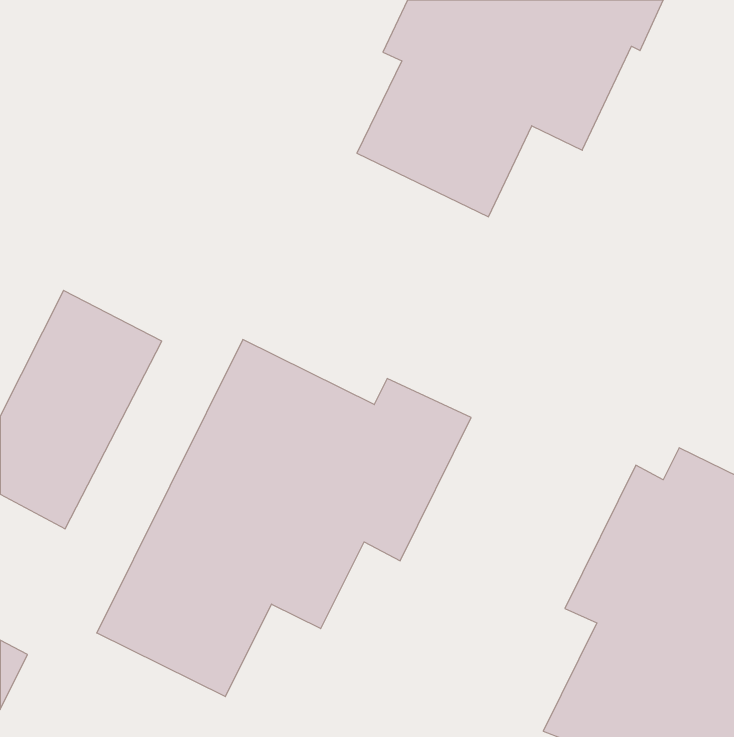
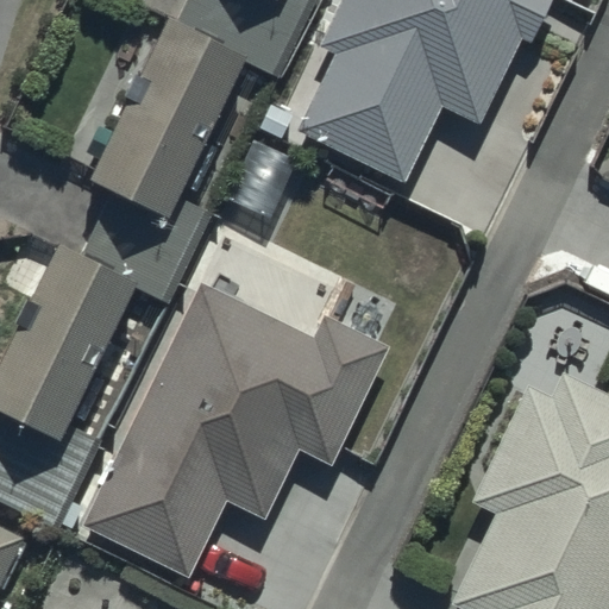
building: none -> [88,17,246,215]

